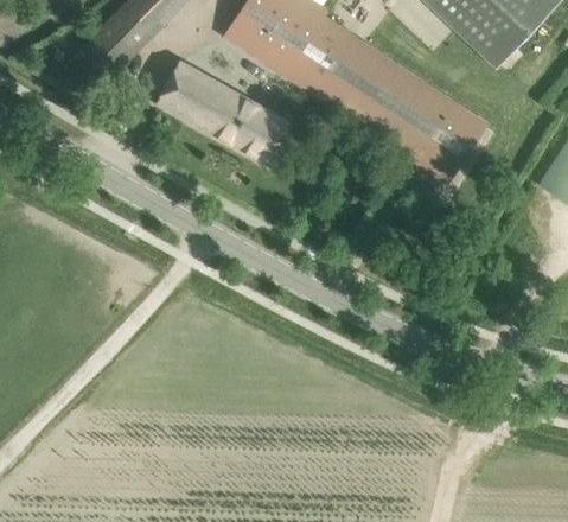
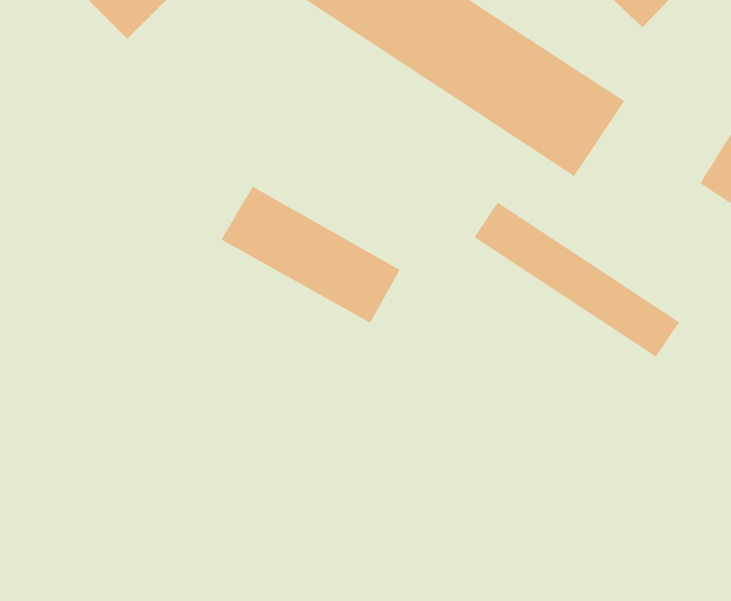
building: [155,62,291,165] -> [220,186,401,323]
building: none -> [474,202,680,358]

